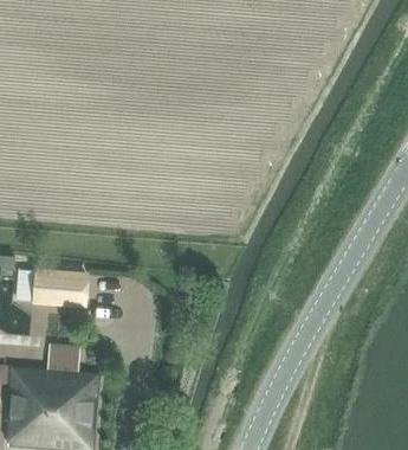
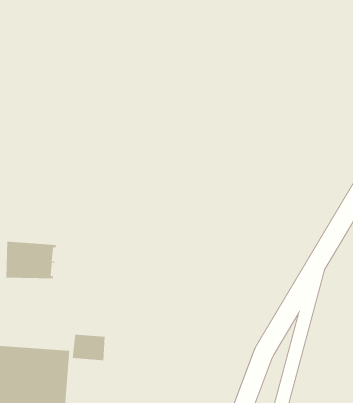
building: [48,346,80,372] -> [72,334,105,361]

